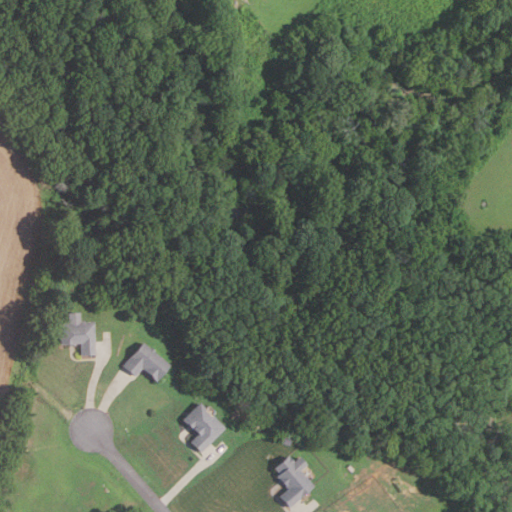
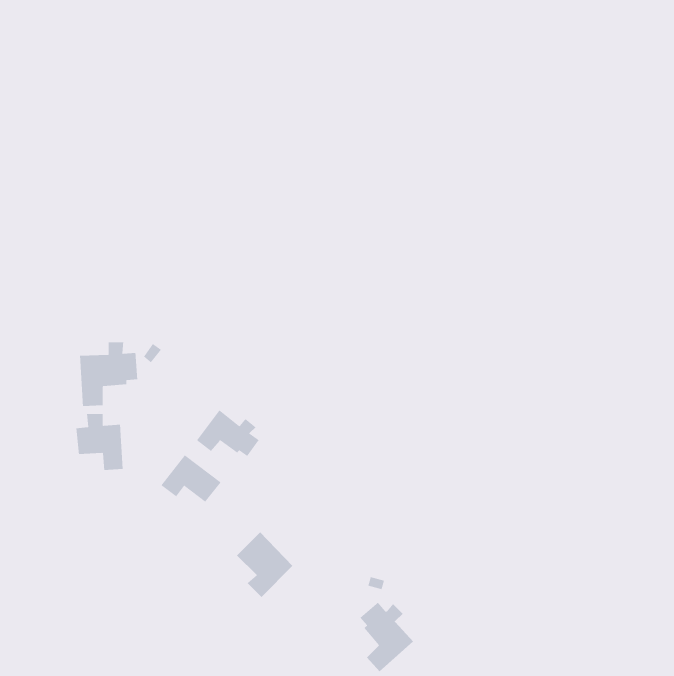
building: none -> [80,342,138,407]
building: none -> [196,410,259,457]

